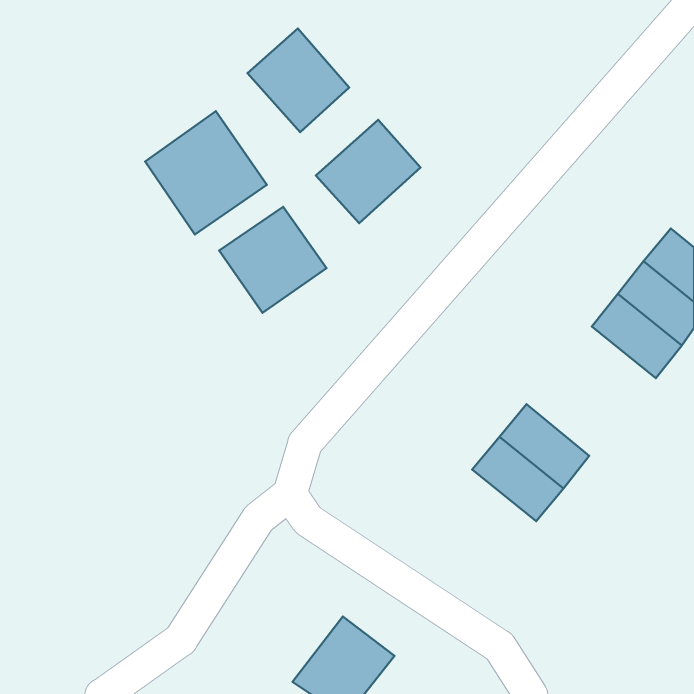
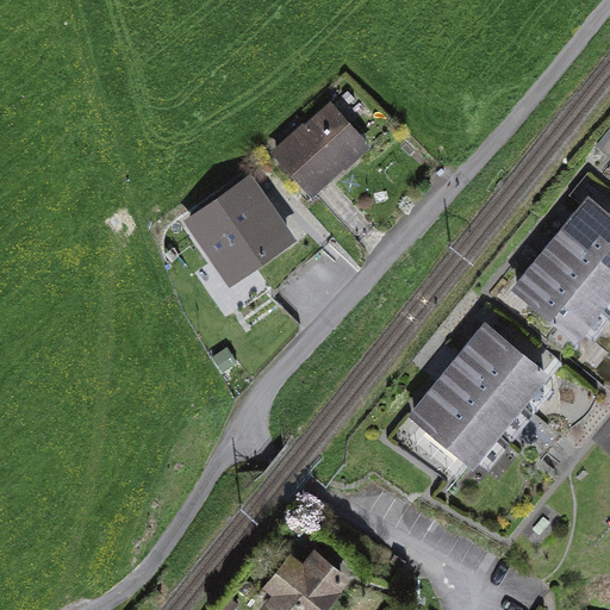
building: [247,29,349,132] -> none
building: [145,111,267,234] -> none
building: none -> [461,326,540,400]

